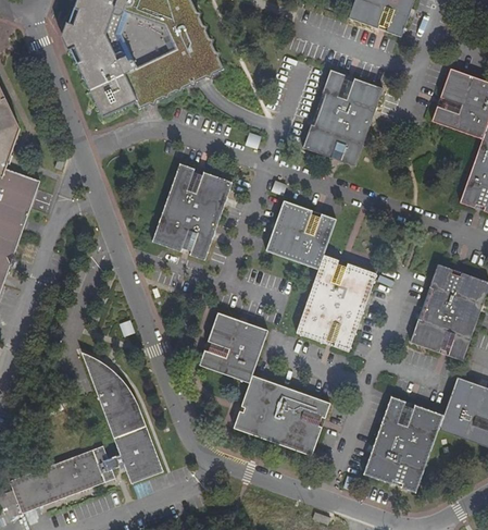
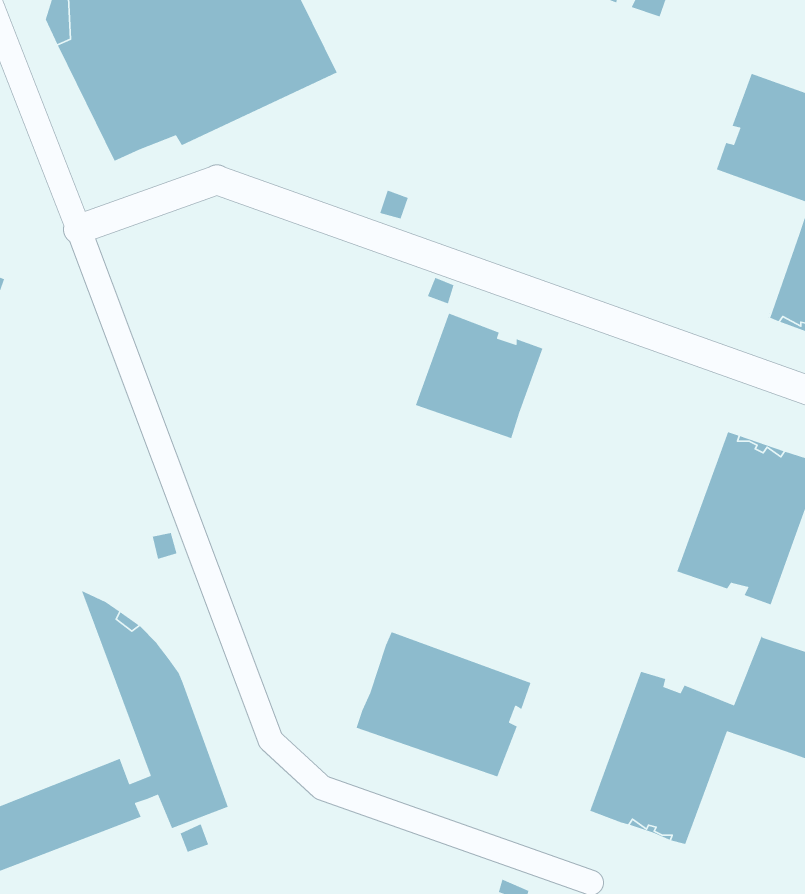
building: [301,69,383,165] -> none
building: [151,162,233,259] -> none
building: [296,255,376,352] -> none
building: [198,311,268,382] -> none

